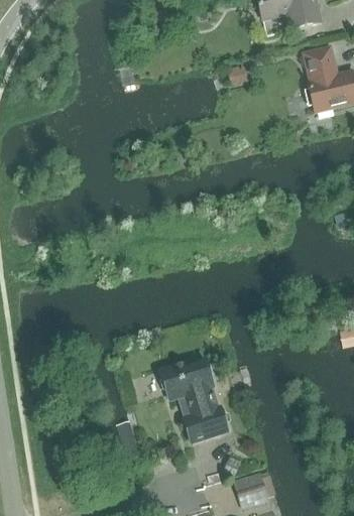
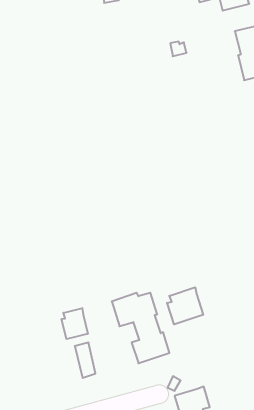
building: none -> [167,287,203,324]
building: none -> [62,308,88,339]

